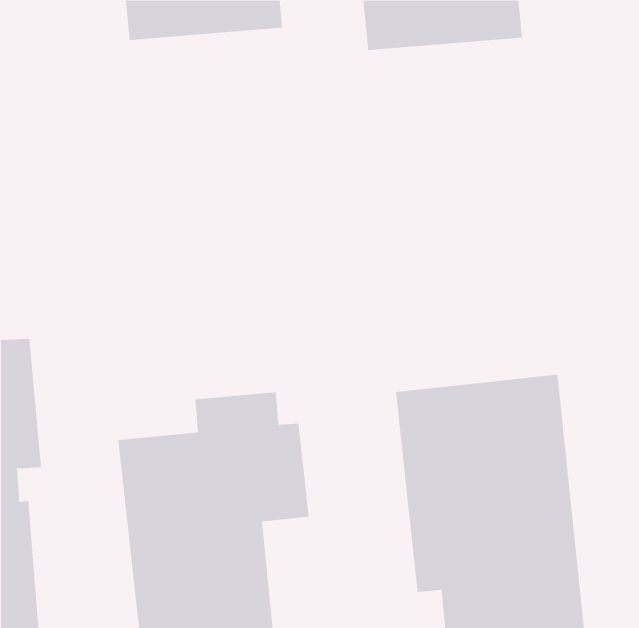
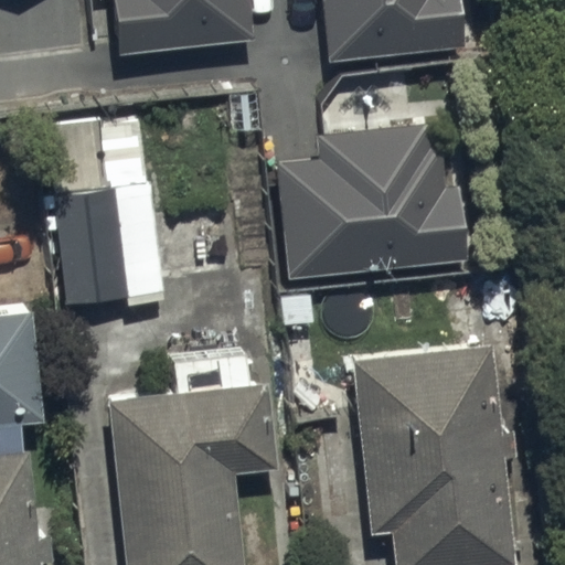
building: none -> [280,126,466,276]
building: none -> [43,159,163,308]

